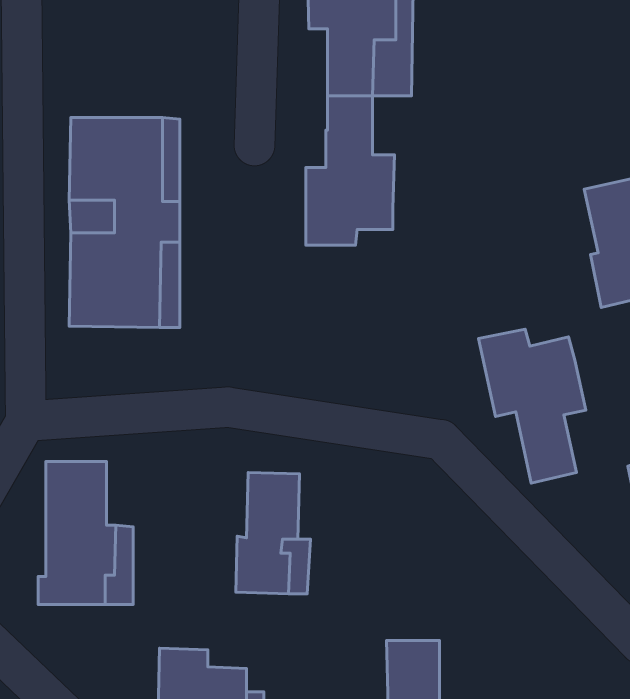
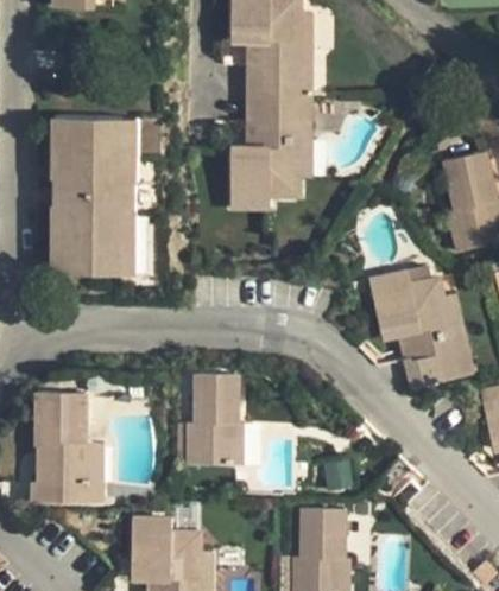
building: none -> [285,97,315,183]
building: none -> [431,297,472,385]

